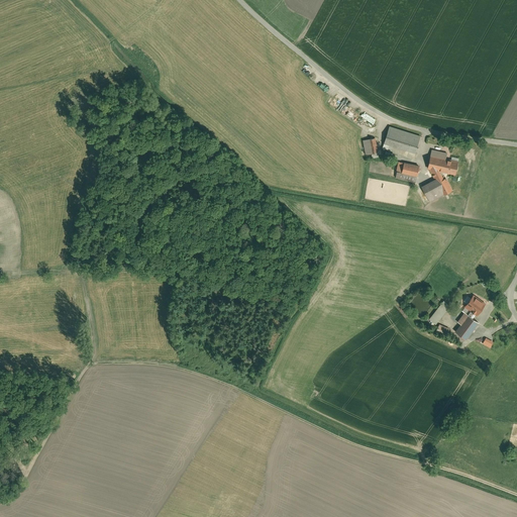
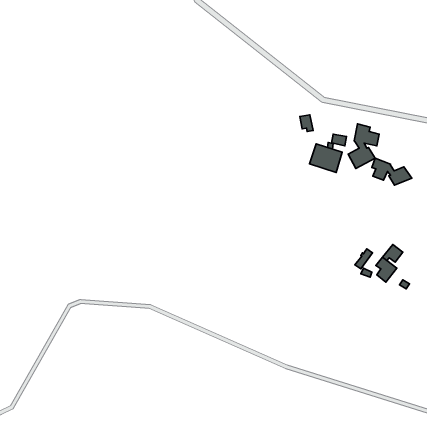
building: [382,125,421,160] -> [310,144,342,172]
building: none -> [372,158,412,185]

